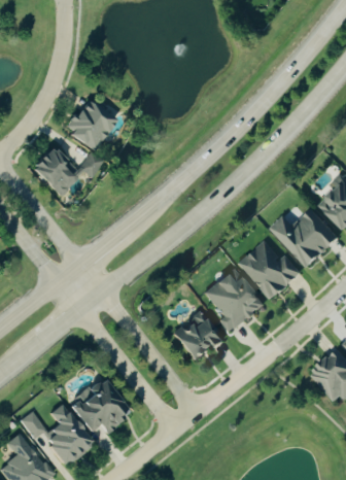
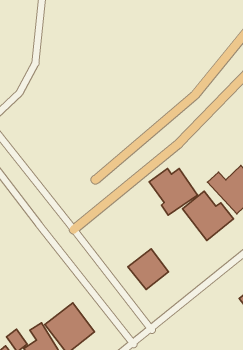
building: [63,100,115,149] -> none
building: [30,145,103,196] -> none
building: [204,274,264,332] -> [149,169,197,215]

